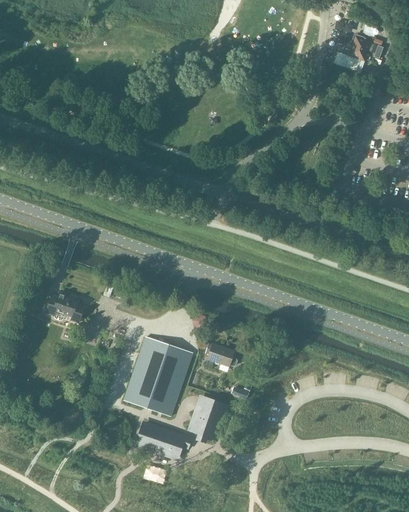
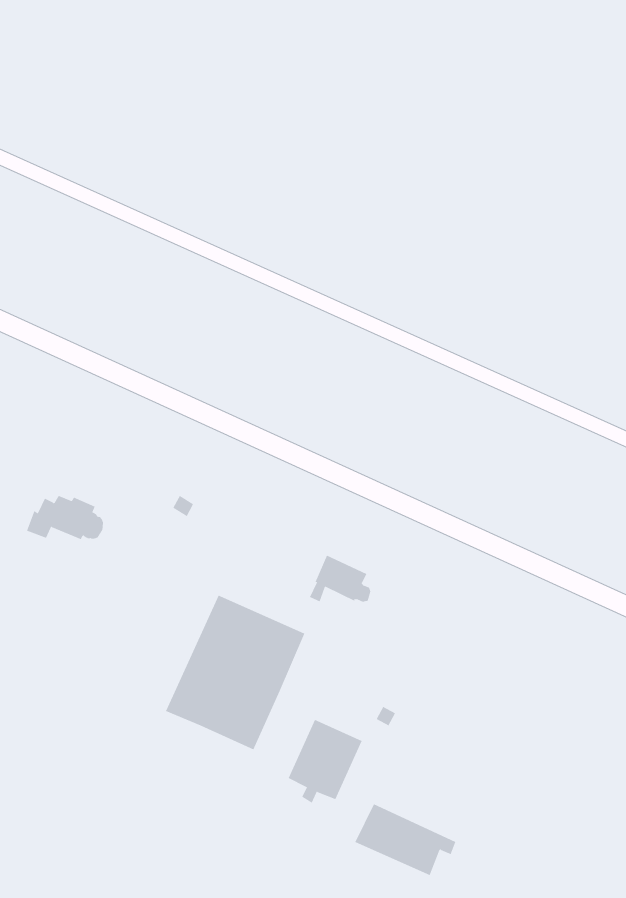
building: [204,343,236,368] -> [309,555,371,602]
building: [135,423,188,458] -> [354,803,456,876]

